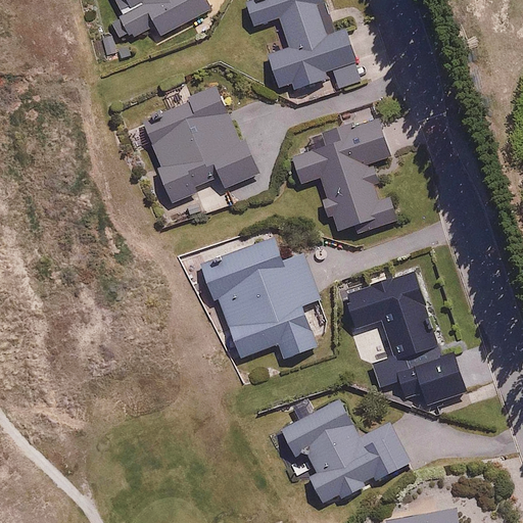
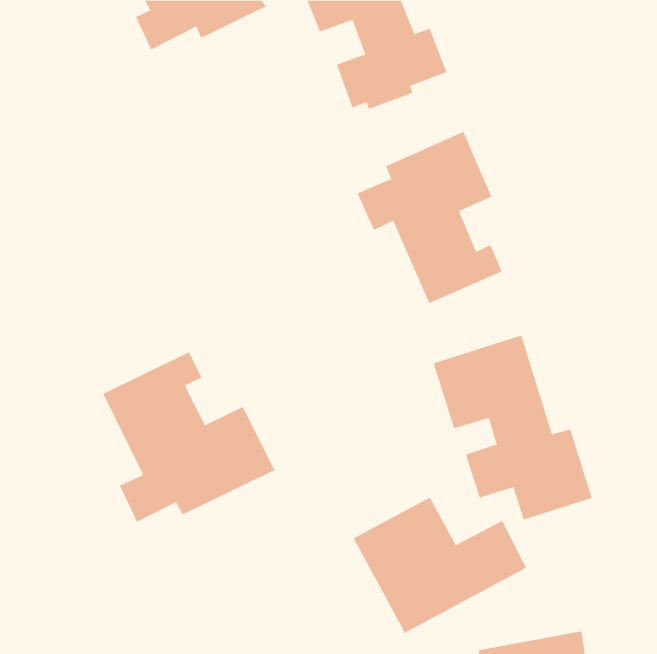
building: [138,81,259,213] -> none
building: [198,228,320,360] -> none
building: none -> [103,351,275,522]

